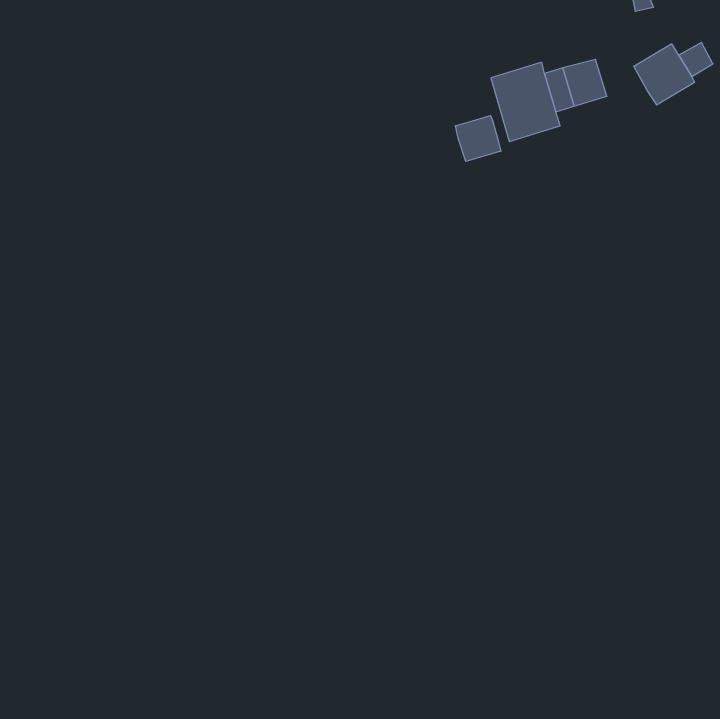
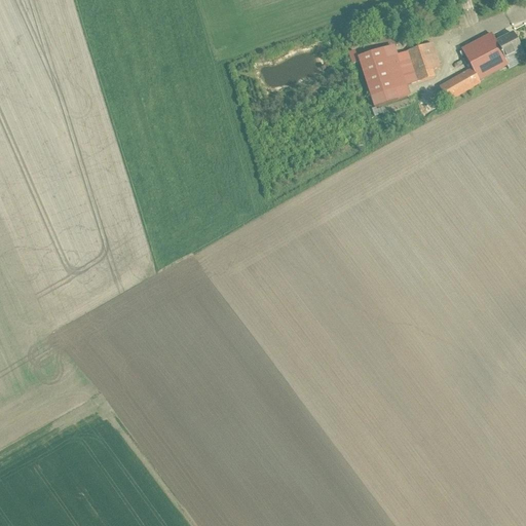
building: none -> [442,67,481,98]
building: [455,116,501,161] -> none

